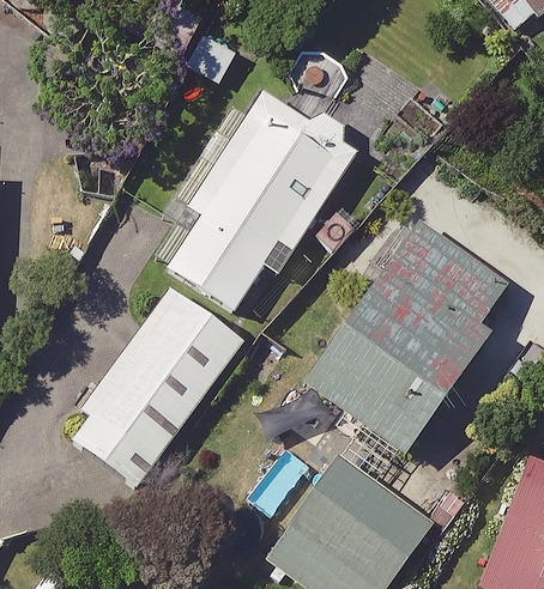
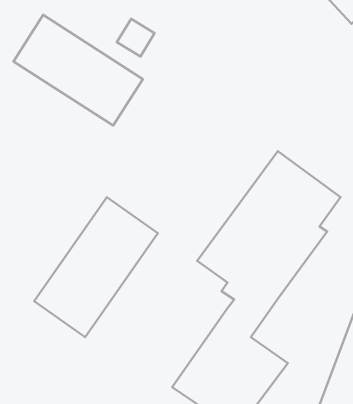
building: none -> [14,15,143,125]
building: [167,87,358,310] -> none

